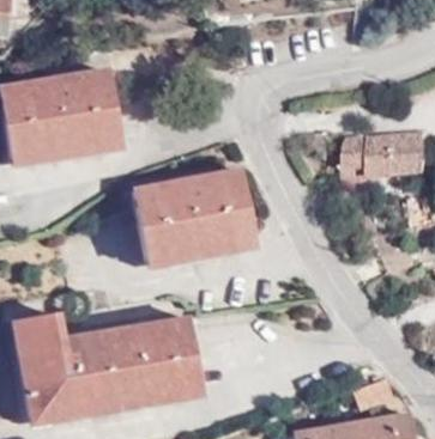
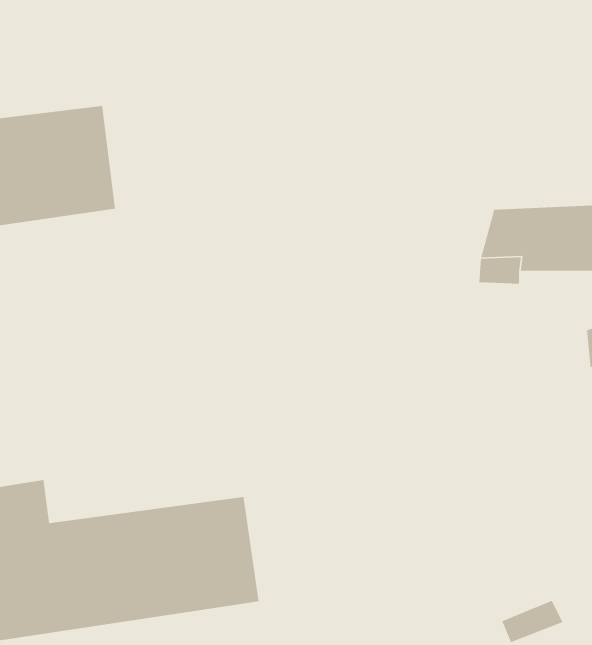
building: [128,172,242,255] -> none

